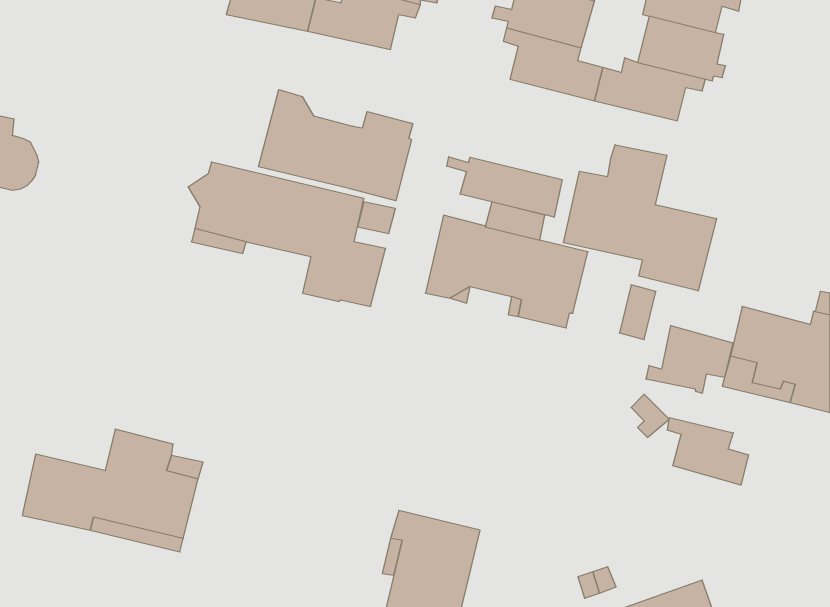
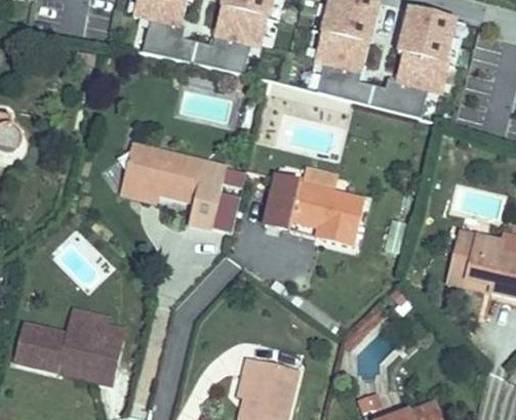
building: [258,90,413,201] -> none
building: [563,145,716,291] -> none
building: [447,157,562,217] -> none
building: [646,325,733,393] -> none
building: [668,418,748,485] -> none

